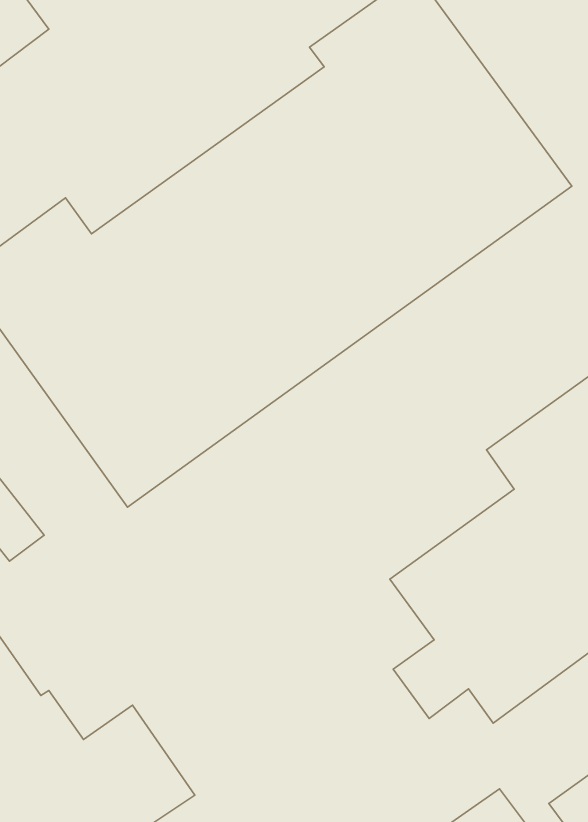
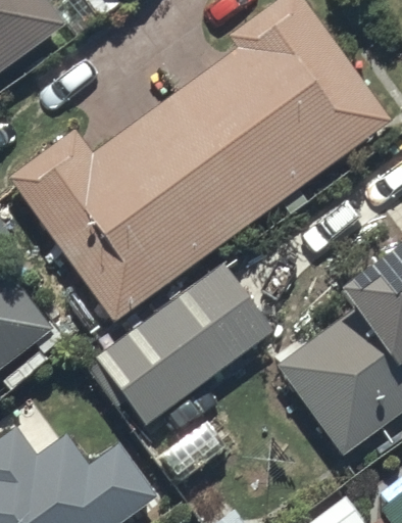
building: none -> [94,265,270,425]

